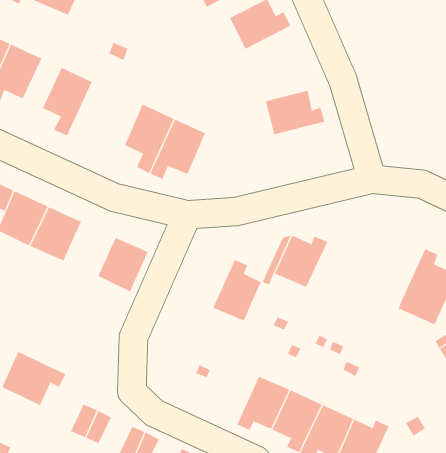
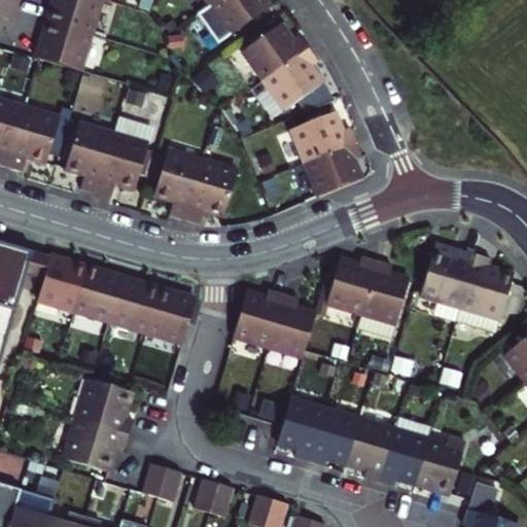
building: none -> [264,48,332,111]
building: none -> [96,116,152,197]
building: none -> [305,141,360,196]
building: none -> [110,277,159,330]
building: none -> [419,244,475,320]
building: none -> [356,262,407,338]
building: none -> [233,289,283,346]
building: none -> [76,379,133,434]
building: none -> [277,398,324,461]

